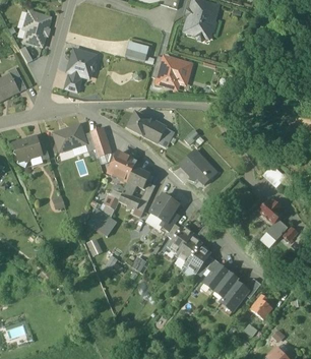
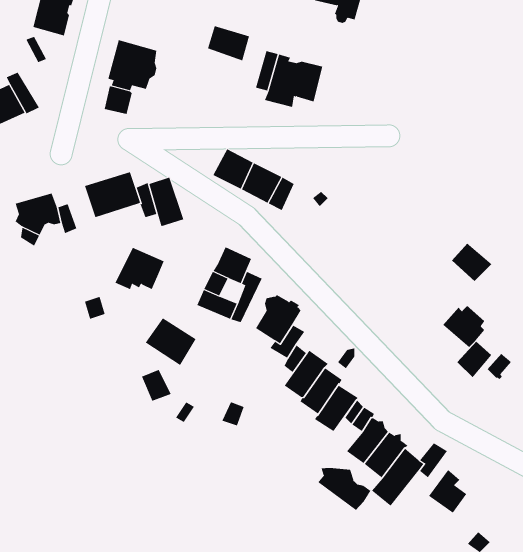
building: [109,152,137,176] -> [115,247,164,290]
building: [180,152,216,185] -> none
building: none -> [317,467,371,511]

